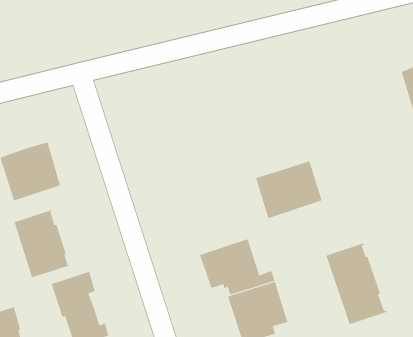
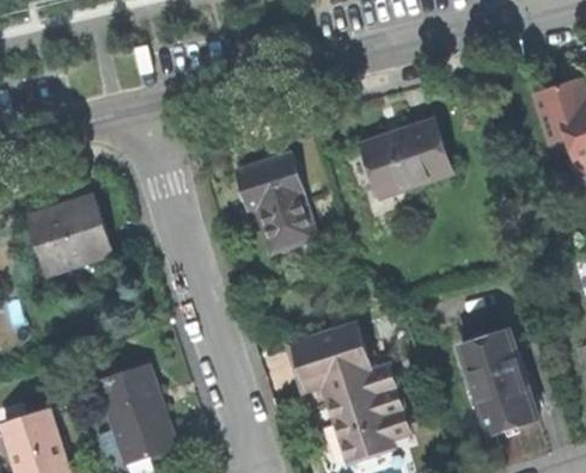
building: none -> [233,156,312,253]
building: [255,161,322,219] -> [360,119,448,196]
building: [14,209,70,278] -> none

